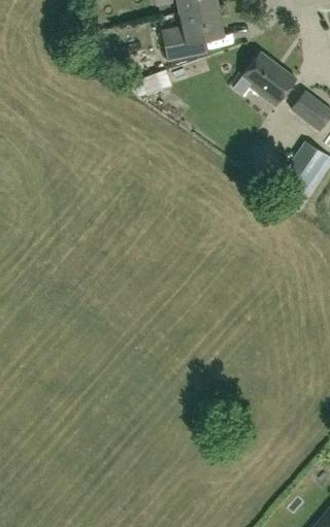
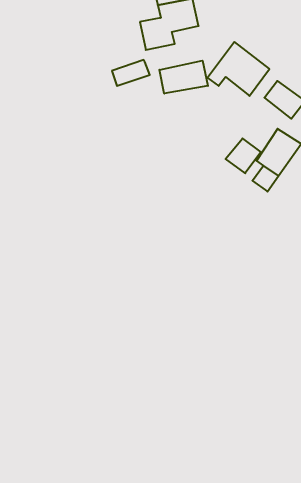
building: none -> [159,61,208,94]
building: none -> [226,138,261,173]

